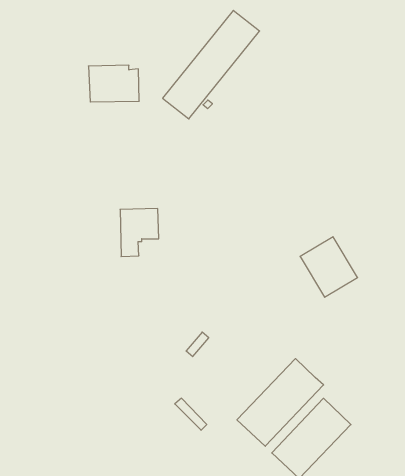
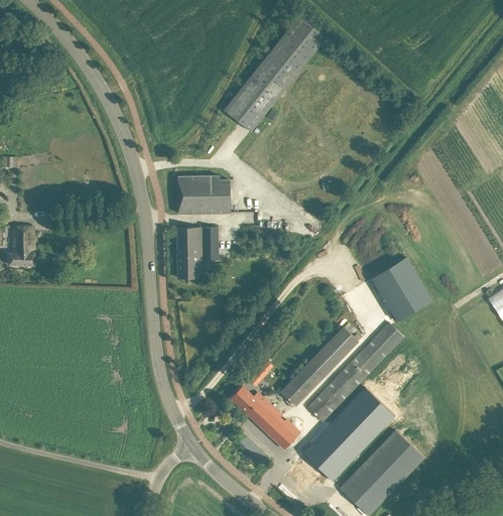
building: [88,65,139,102] -> [176,175,231,215]
building: none -> [307,322,404,422]
building: none -> [280,327,358,407]
building: none -> [231,386,299,449]

